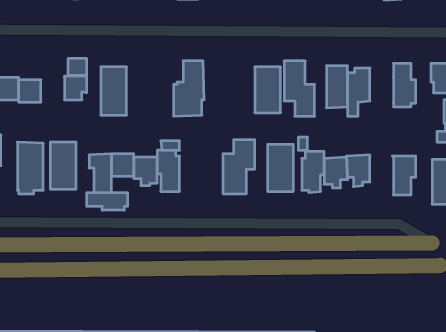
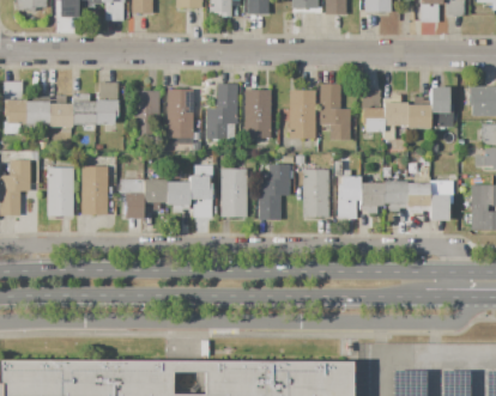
building: none -> [165,89,193,138]
building: none -> [240,89,271,138]
building: none -> [71,93,95,123]
building: none -> [406,96,430,127]
building: none -> [219,169,246,217]
building: none -> [406,182,430,213]
building: [87,193,128,210] -> none

